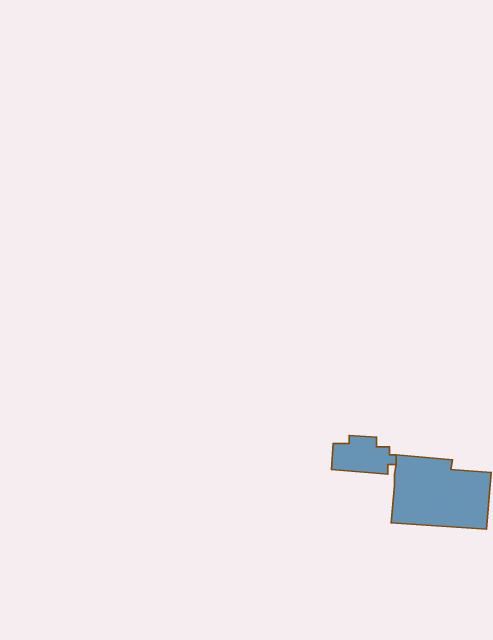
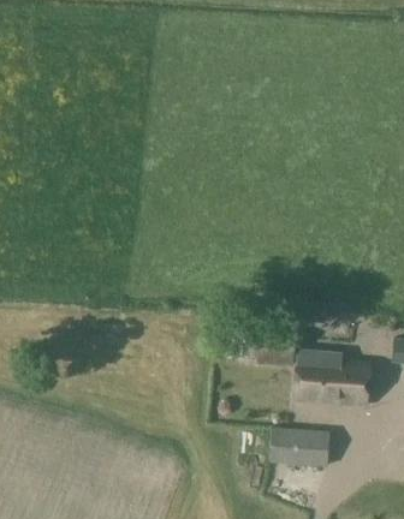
building: none -> [268,425,329,465]

